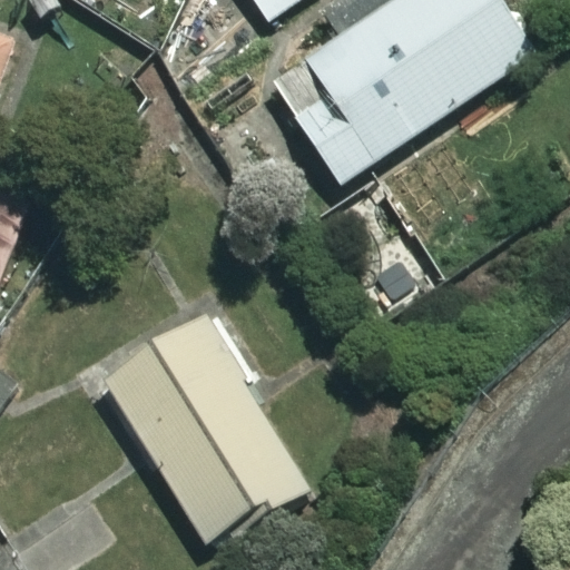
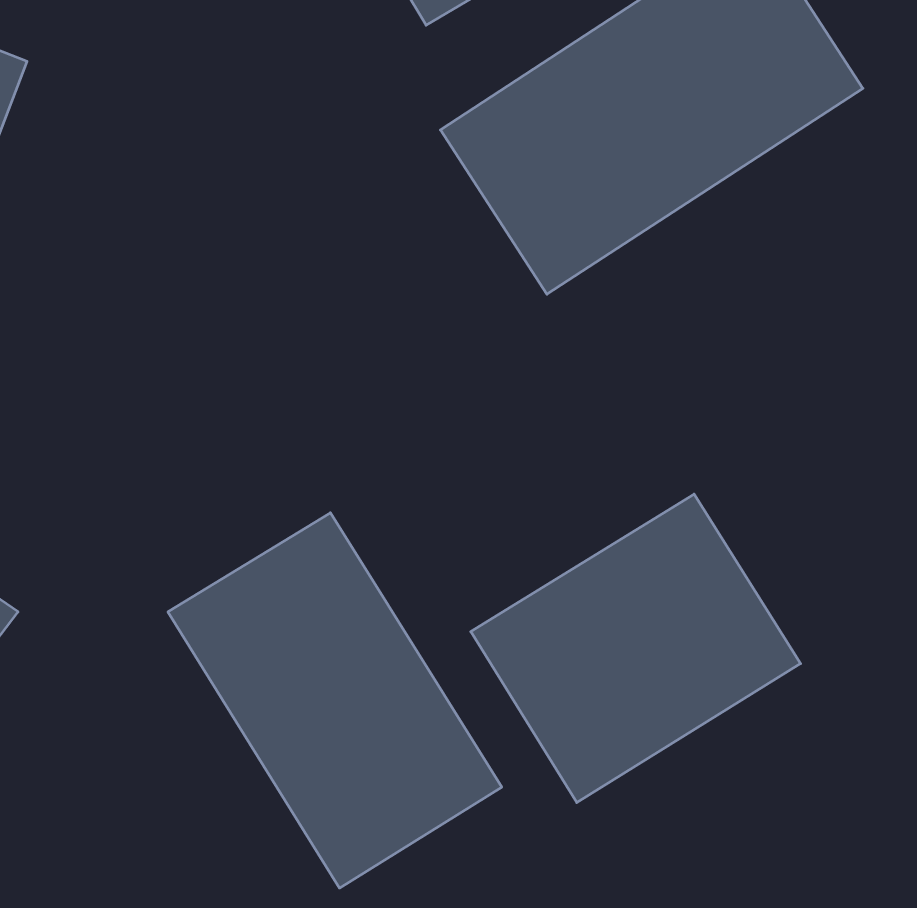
building: none -> [471,494,801,803]

